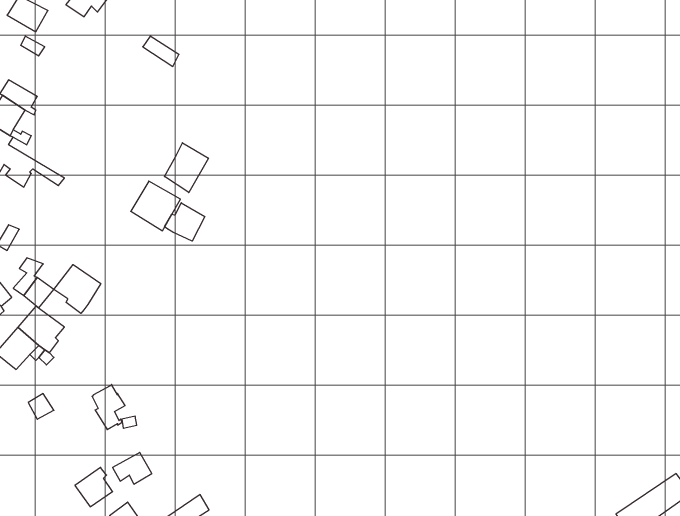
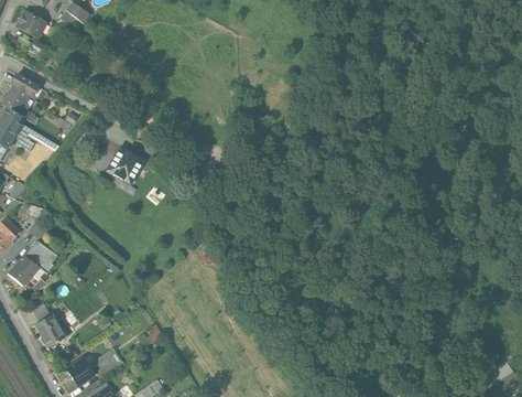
building: [164,143,208,193] -> none
building: [165,203,205,241] -> none
building: [54,265,101,313] -> none
building: [92,384,125,430] -> [36,313,61,346]

